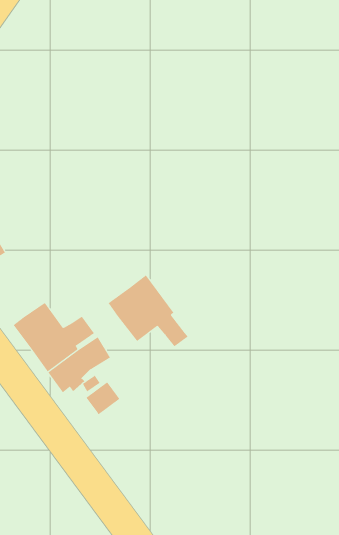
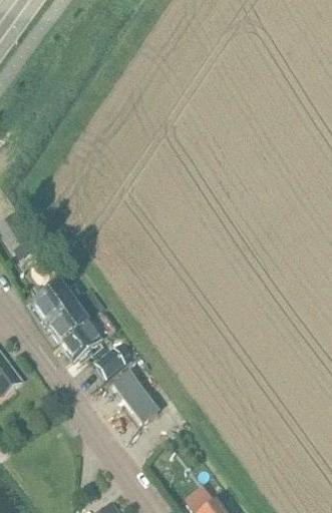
building: [108,275,188,347] -> none
building: none -> [111,372,157,424]

